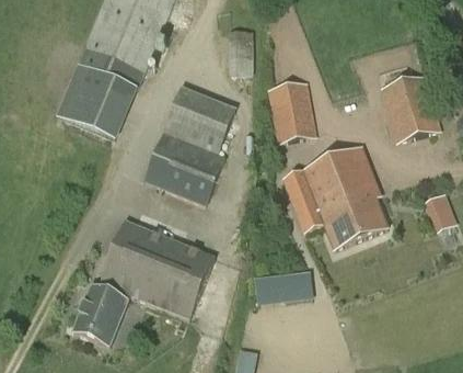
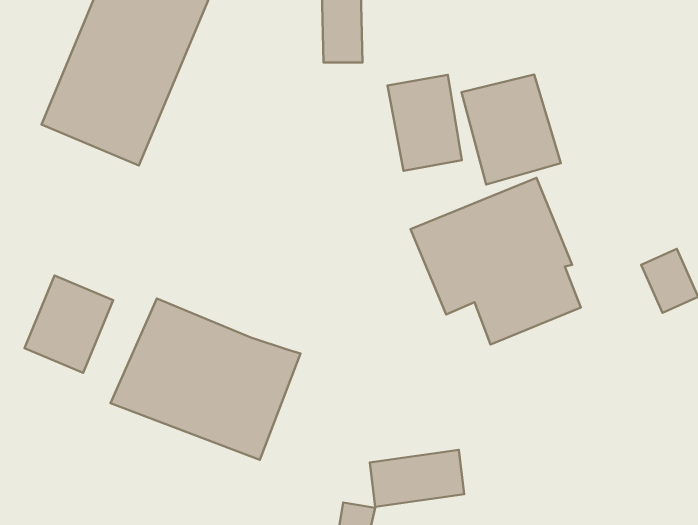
building: [380,74,441,142] -> [461,74,561,184]
building: [141,86,236,205] -> none
building: [254,268,312,303] -> [370,450,464,507]
building: [72,284,127,344] -> [24,275,113,373]

